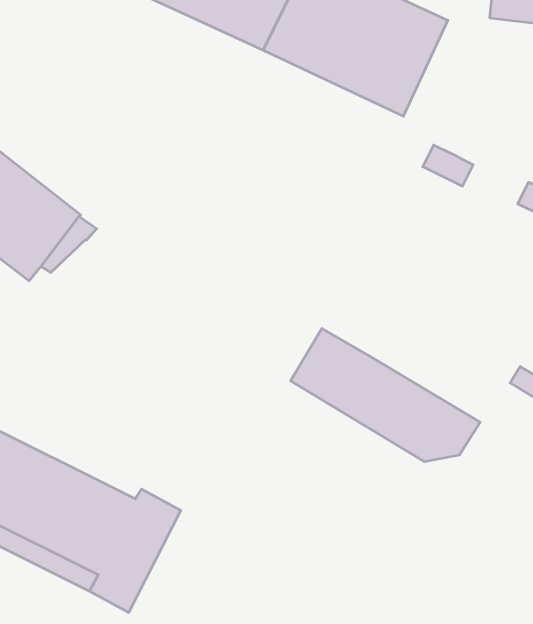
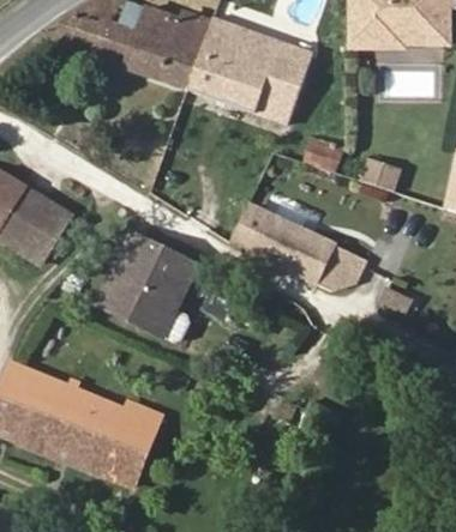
building: none -> [98,234,198,335]
building: [291,329,480,462] -> [234,205,368,290]

